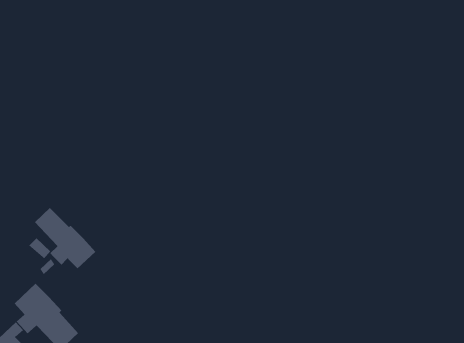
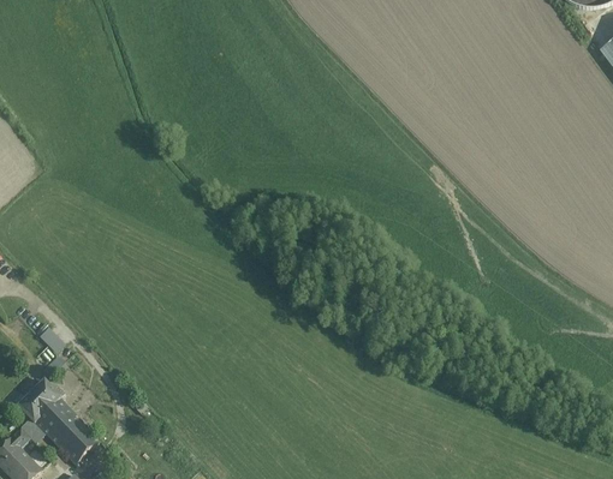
building: [34,207,96,269] -> none

